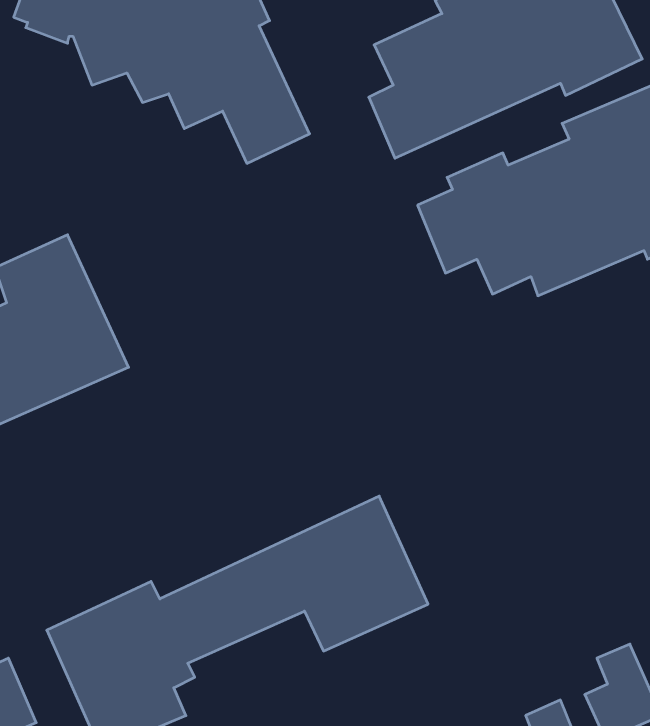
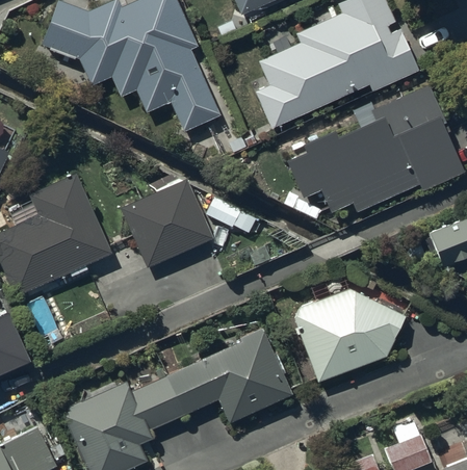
building: none -> [121,178,212,266]
building: none -> [293,287,404,382]

